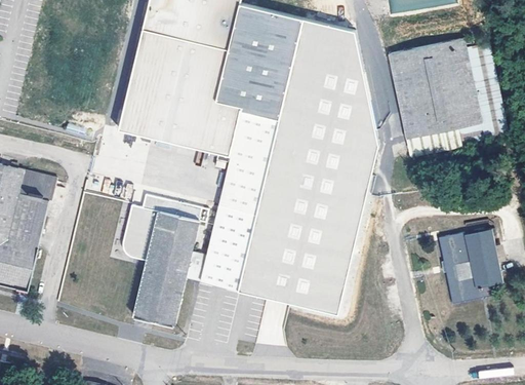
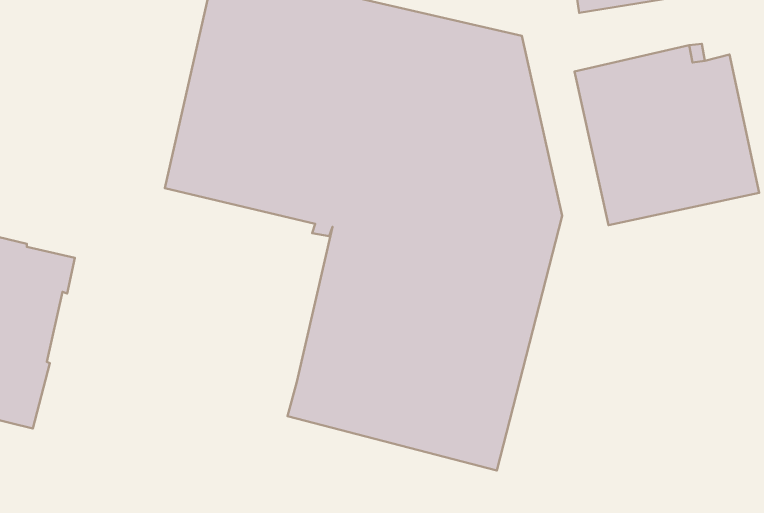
building: [123,193,208,323] -> none
building: [436,226,502,302] -> none

